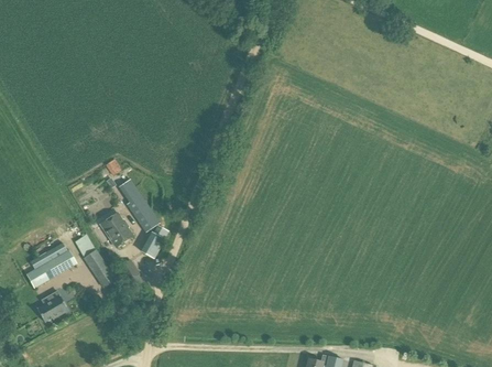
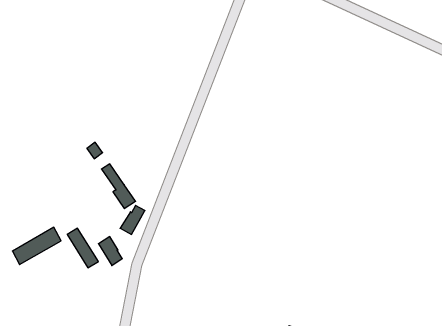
building: [100,211,132,246] -> none
building: [37,290,68,321] -> none

